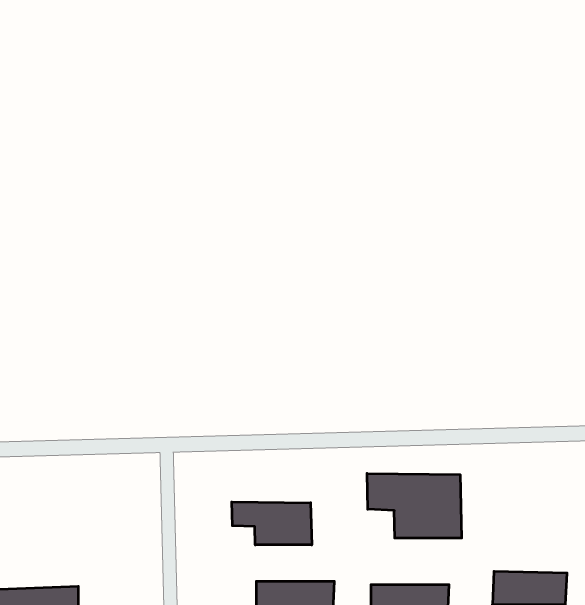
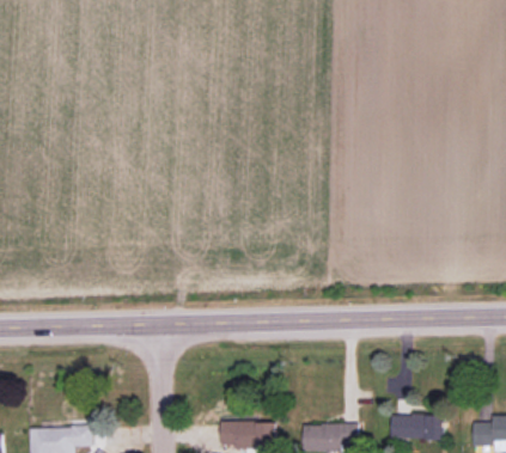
building: [367,473,462,538] -> none
building: [232,502,312,545] -> none

